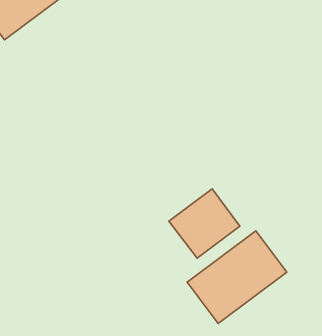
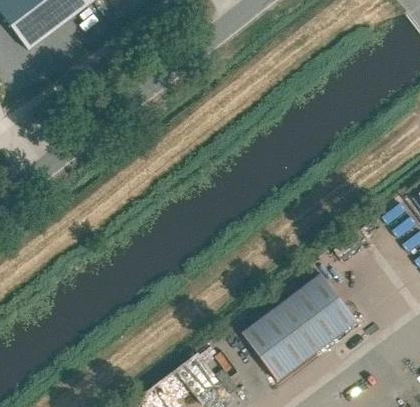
building: [169,189,240,258] -> none

